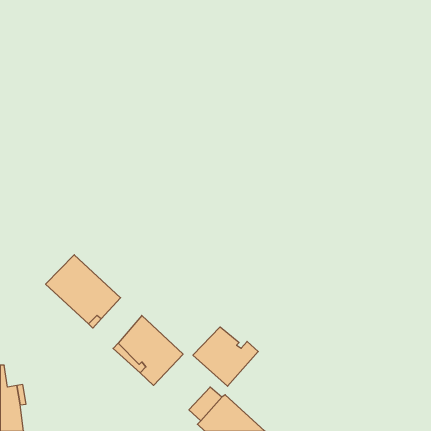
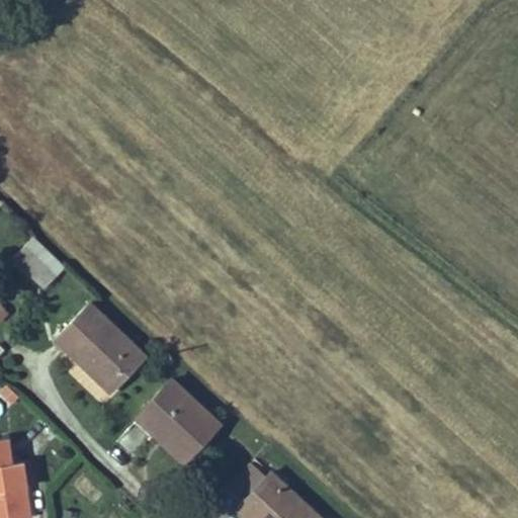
building: none -> [13,239,64,289]
building: [193,327,258,386] -> none

